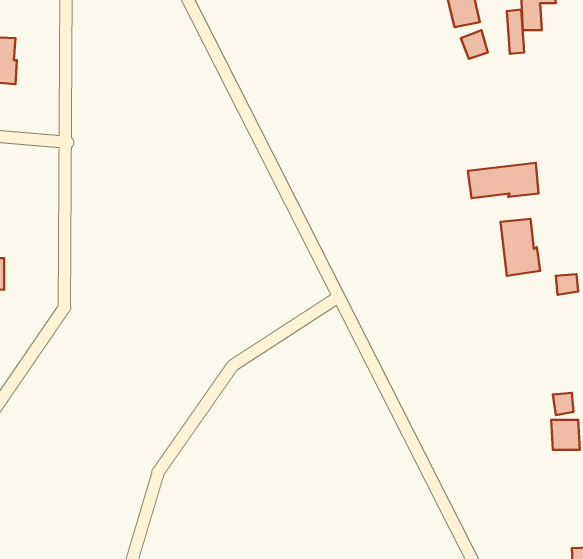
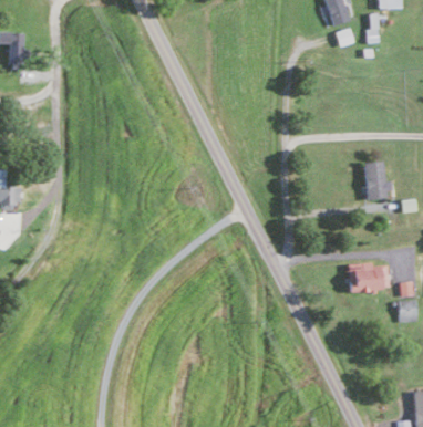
building: [468,163,538,198] -> none
building: none -> [349,262,389,291]

